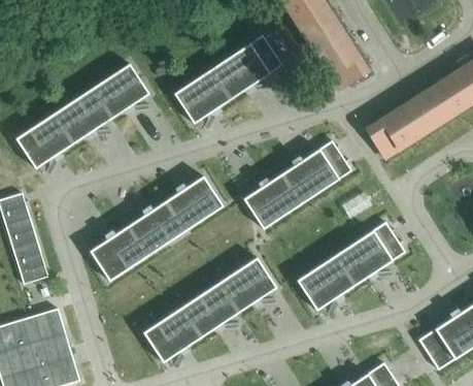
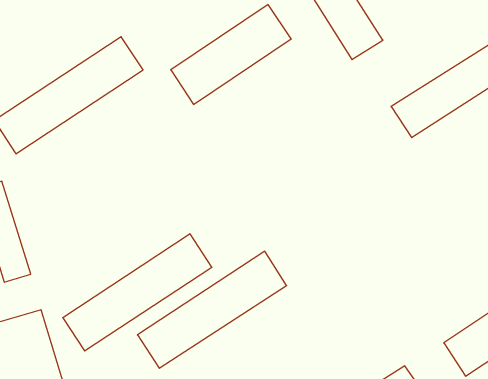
building: [243,140,351,229] -> none
building: [90,176,224,282] -> [63,234,212,351]
building: [296,222,404,312] -> none

